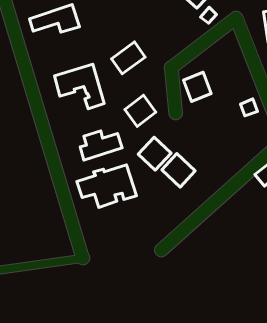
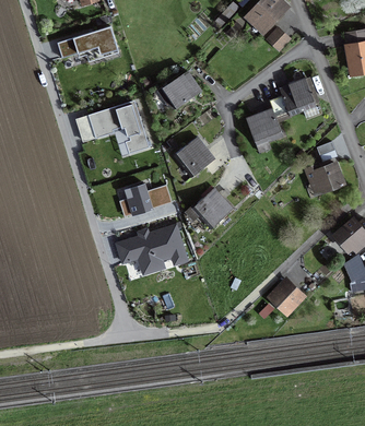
building: none -> [278,78,314,114]
building: none -> [315,163,342,191]
building: [162,154,195,187] -> none
building: none -> [271,280,302,310]

